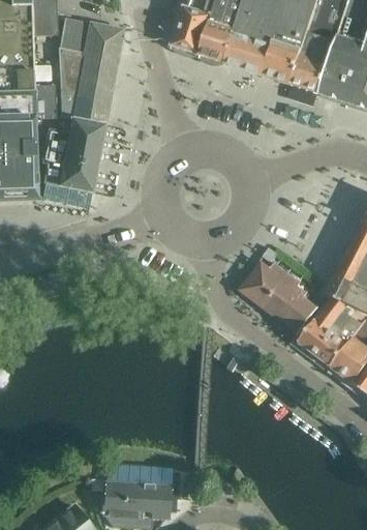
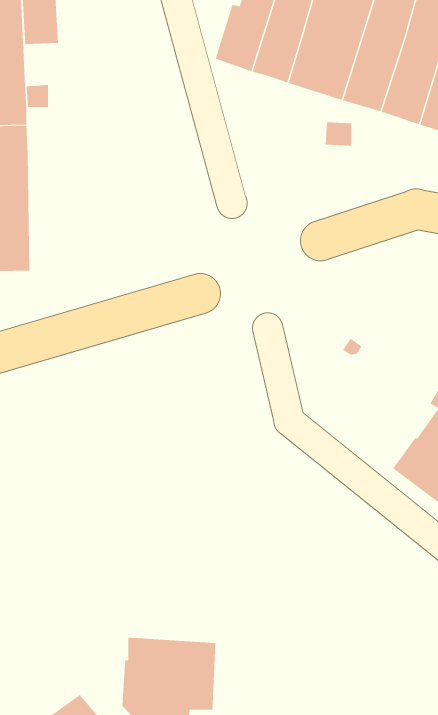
building: [40,18,123,209] -> none
building: [36,84,57,117] -> none
building: [248,262,313,327] -> none

